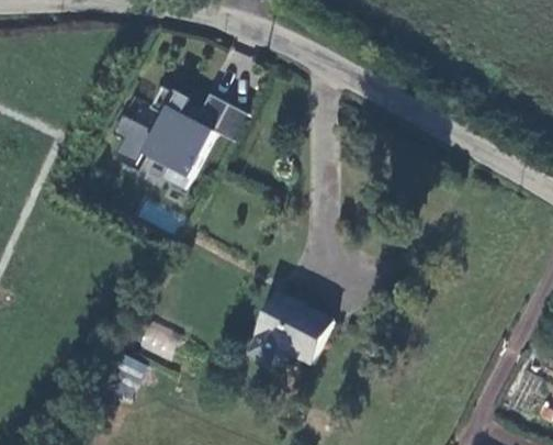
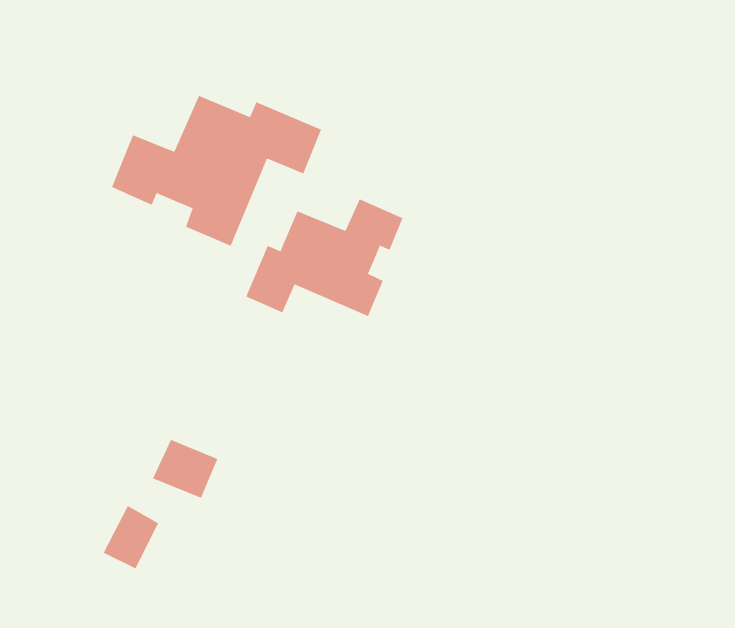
building: none -> [246,198,403,317]
building: [245,296,331,370] -> none

